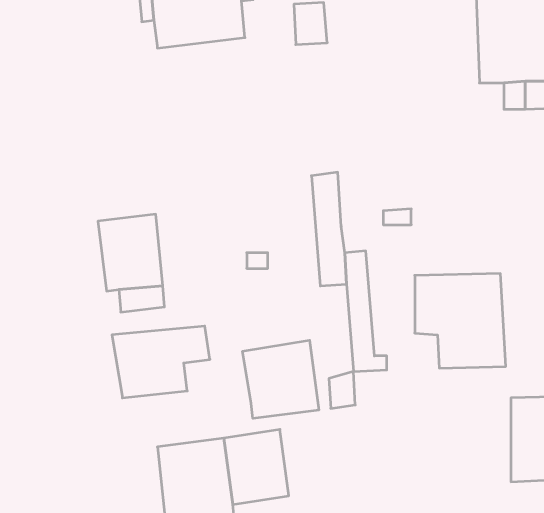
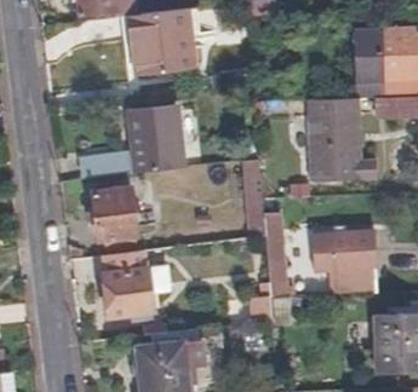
building: none -> [309,92,376,173]
building: none -> [81,104,173,175]
building: [243,340,319,418] -> none

